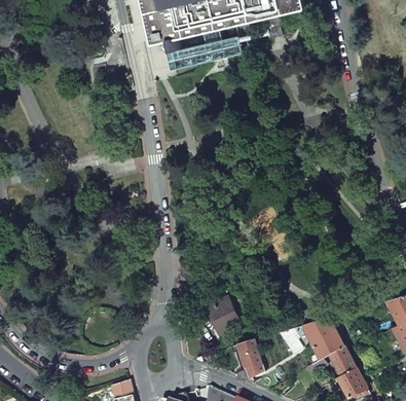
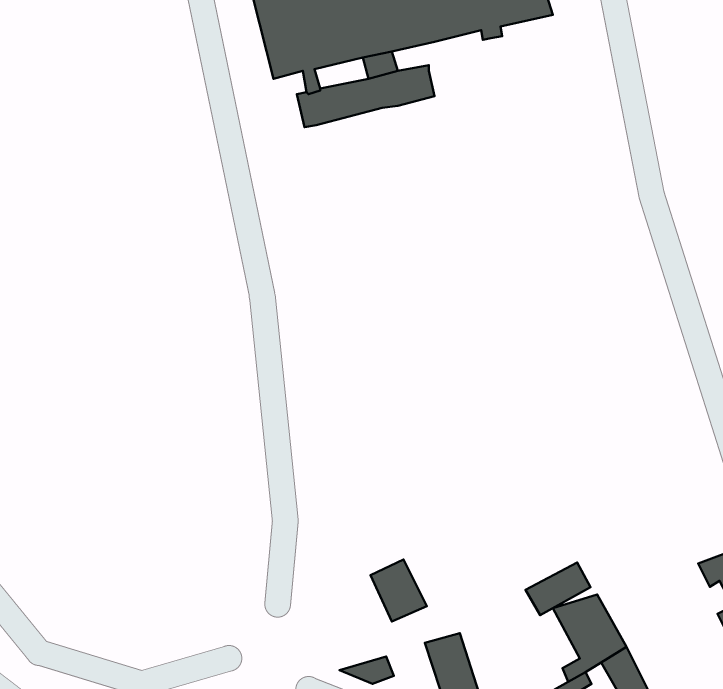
building: none -> [525,562,590,615]

